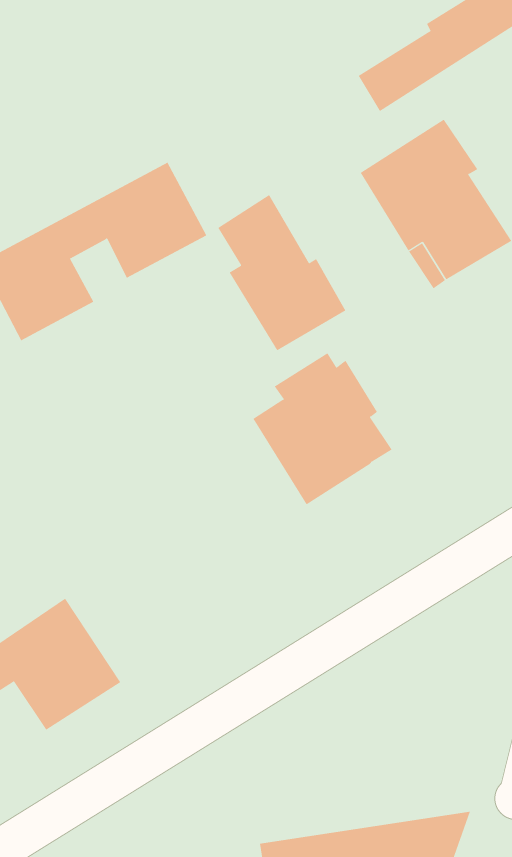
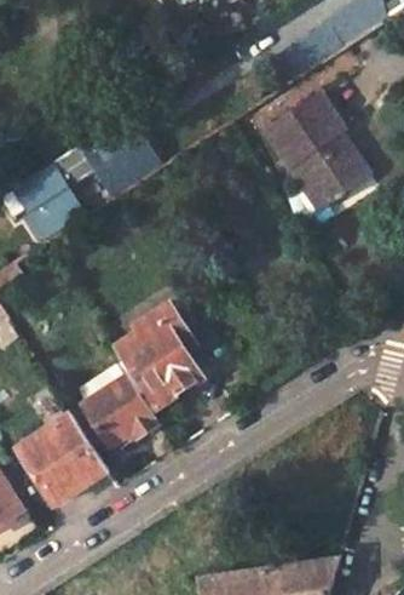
building: [217,194,346,351] -> none
building: [252,353,392,505] -> [116,303,210,406]
building: none -> [81,377,154,451]

